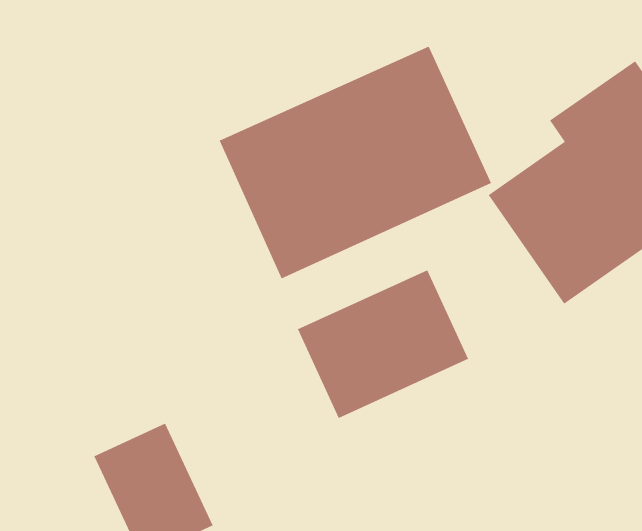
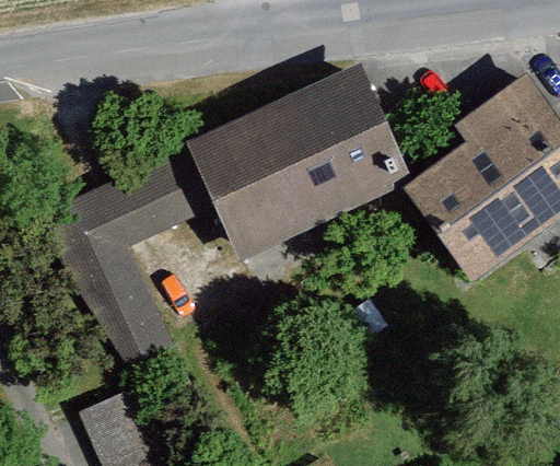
building: none -> [49,160,200,372]
building: [297,270,469,419] -> none

